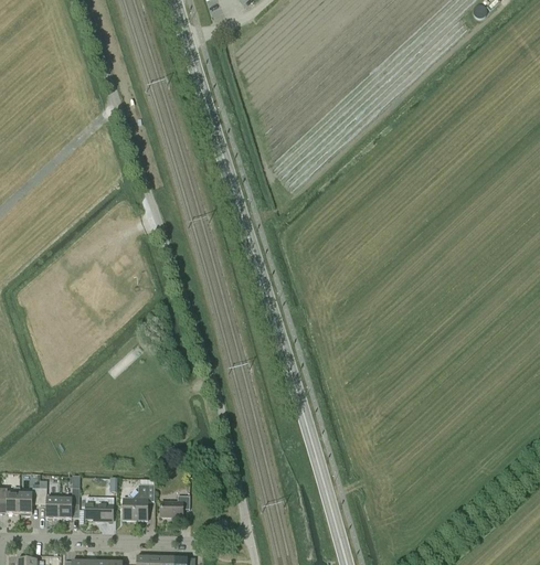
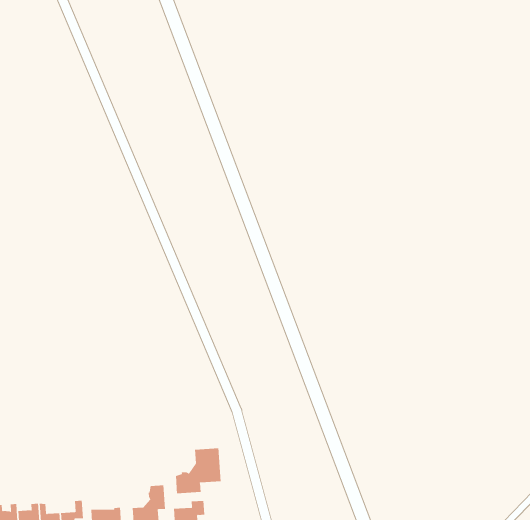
building: none -> [175,447,221,494]

